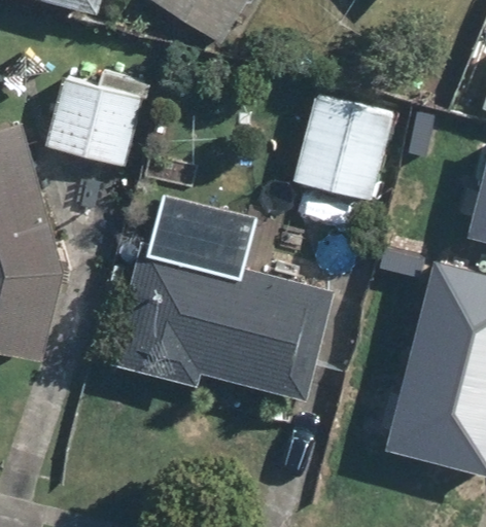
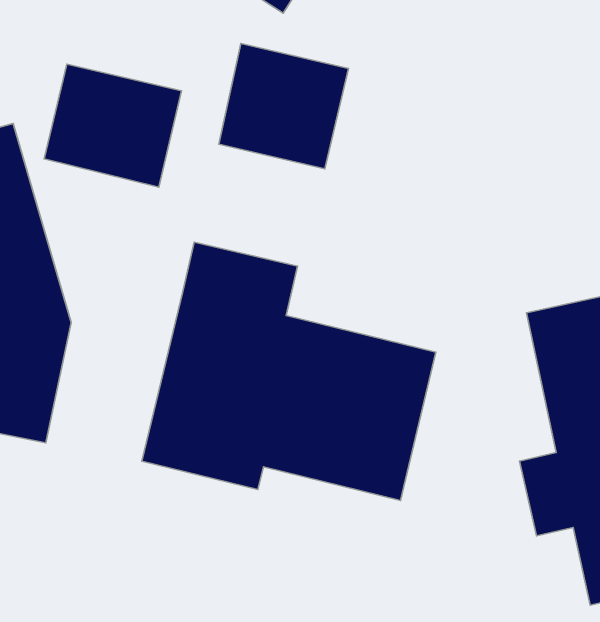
building: none -> [219,43,349,169]
building: [296,94,391,200] -> none

